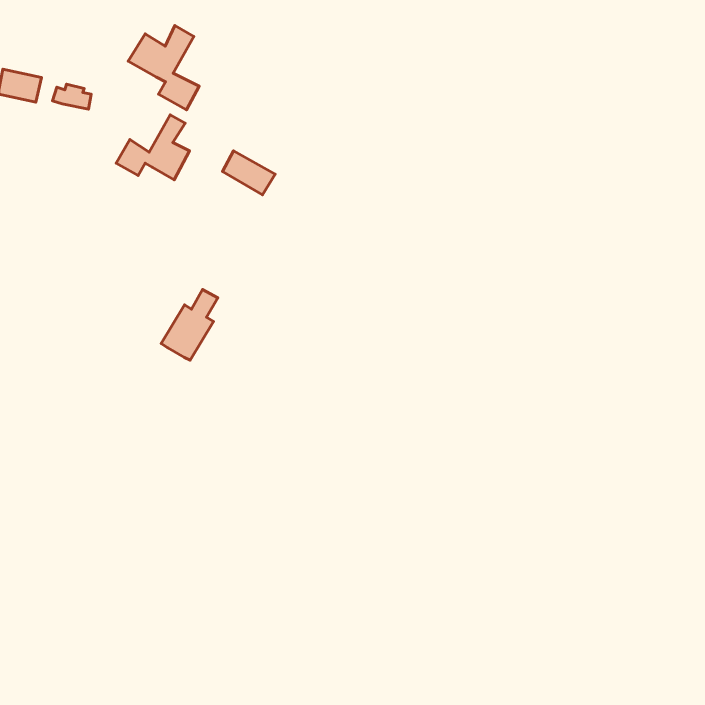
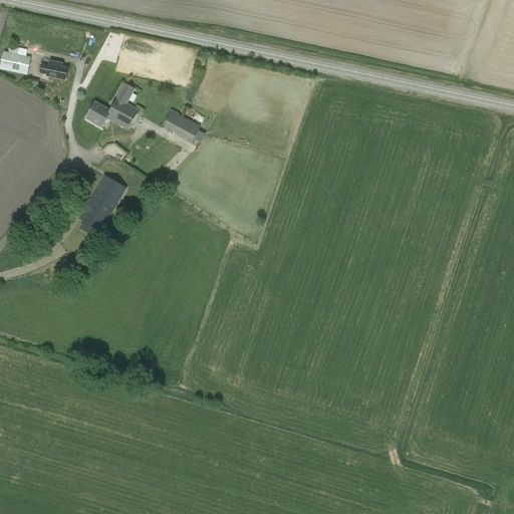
building: [128,26,199,110] -> none
building: [161,290,218,360] -> [78,179,119,230]

